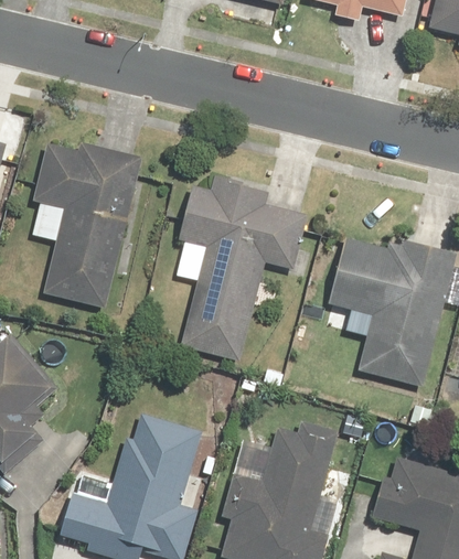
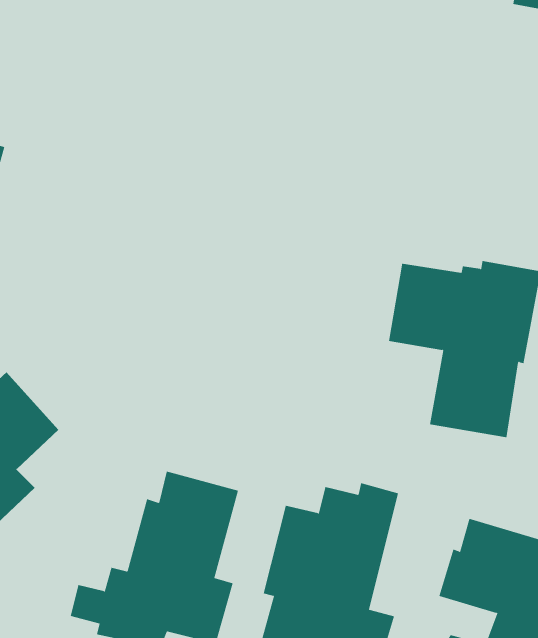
building: [30,141,142,313] -> none
building: [177,180,309,356] -> none

